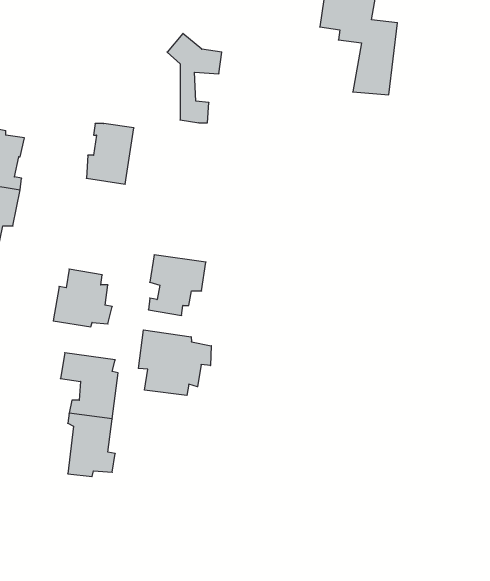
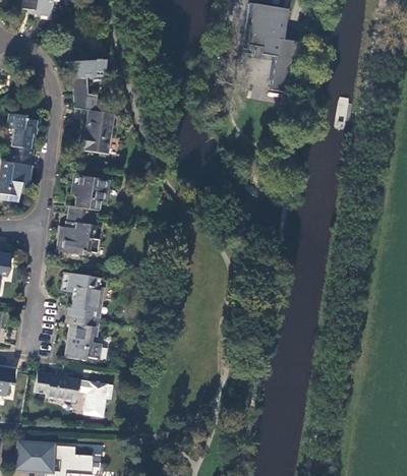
building: [167,33,222,123] -> [64,48,103,111]
building: [148,255,206,315] -> [68,175,109,218]
building: [138,330,211,395] -> none
building: none -> [34,371,111,417]

